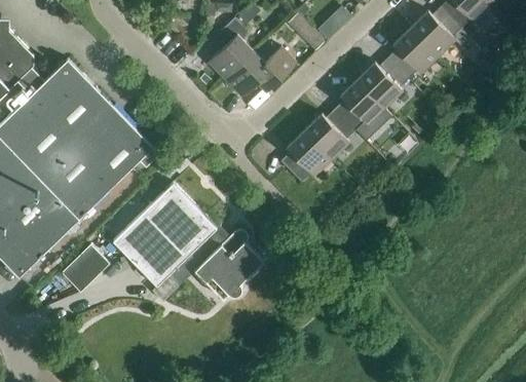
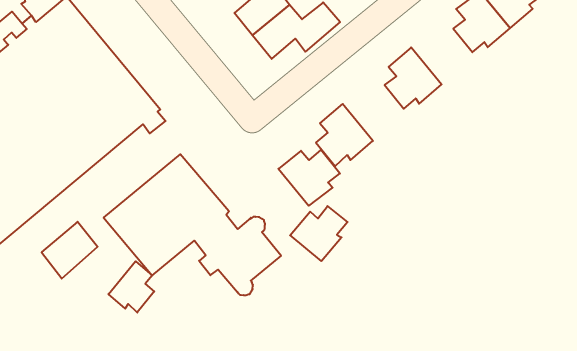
building: [356,61,408,108] -> none
building: [303,112,354,159] -> [278,150,340,206]
building: none -> [290,206,348,261]
building: none -> [108,261,154,313]

